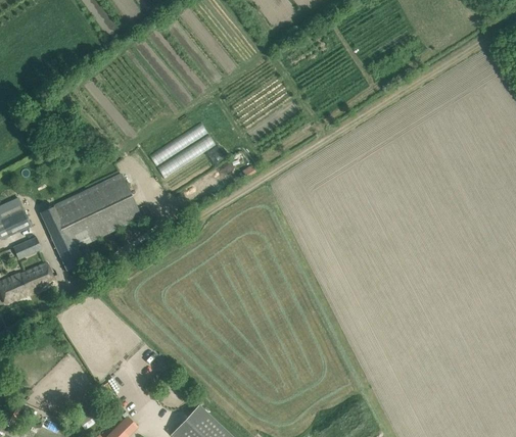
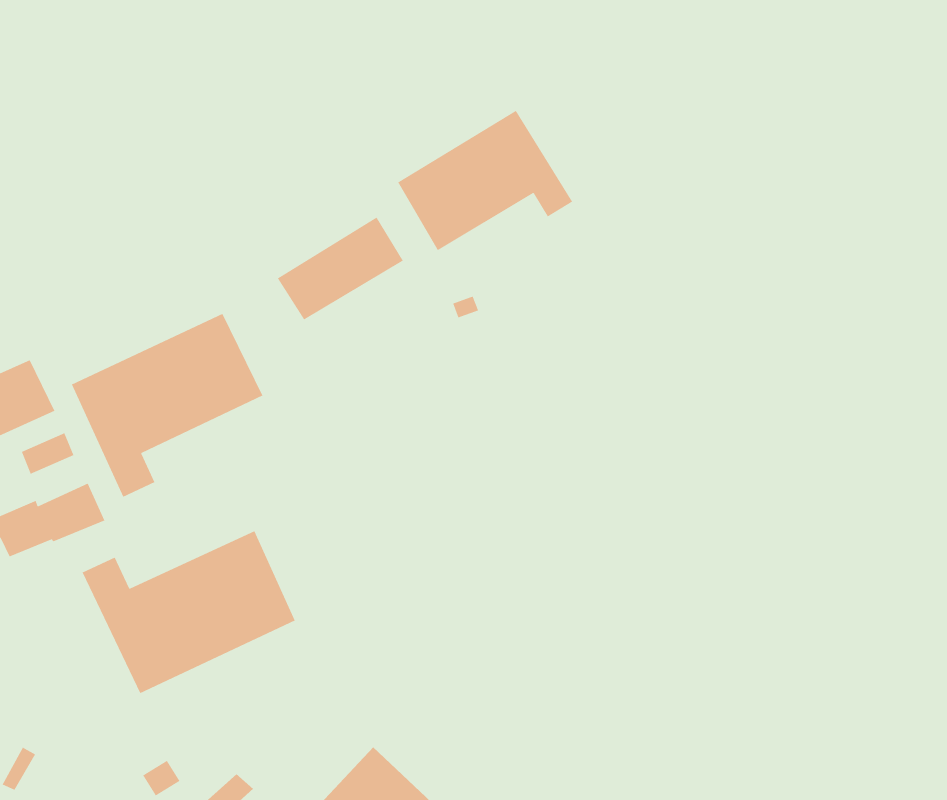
building: none -> [397,110,573,251]
building: none -> [81,530,296,694]

